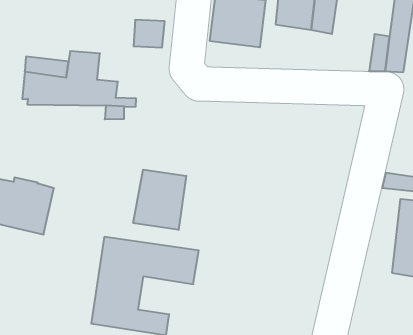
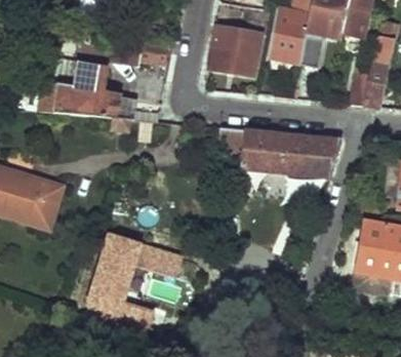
building: none -> [220,127,344,175]
building: [133,170,186,230] -> none

